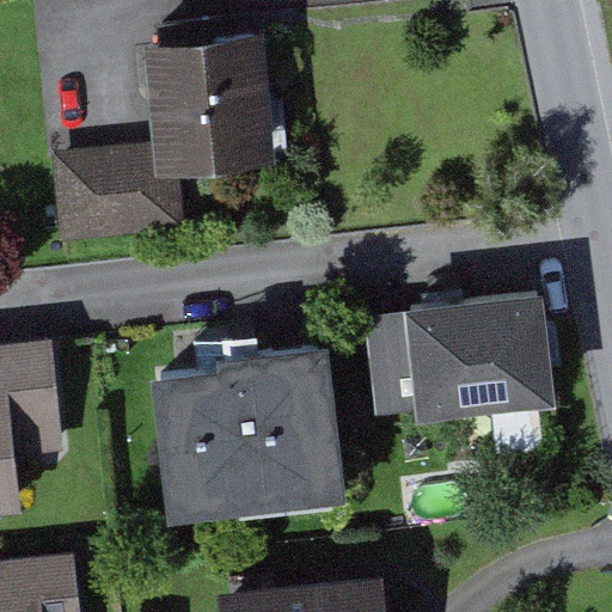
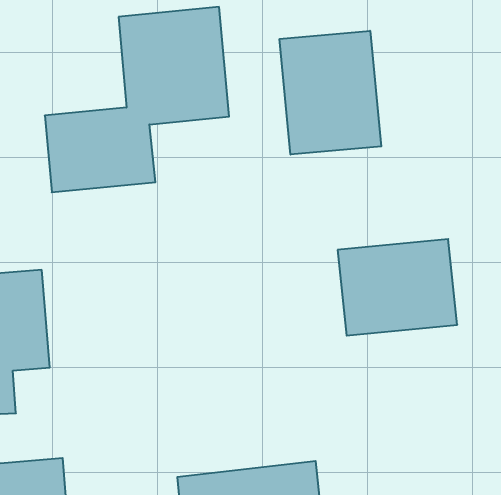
building: none -> [280,31,381,155]
building: [155,355,336,510] -> none

